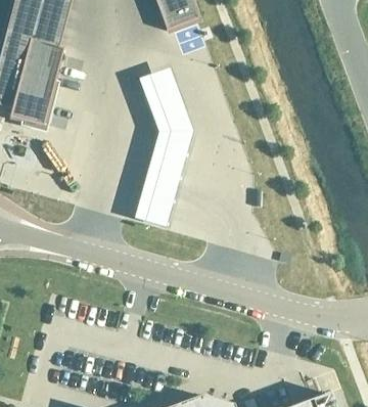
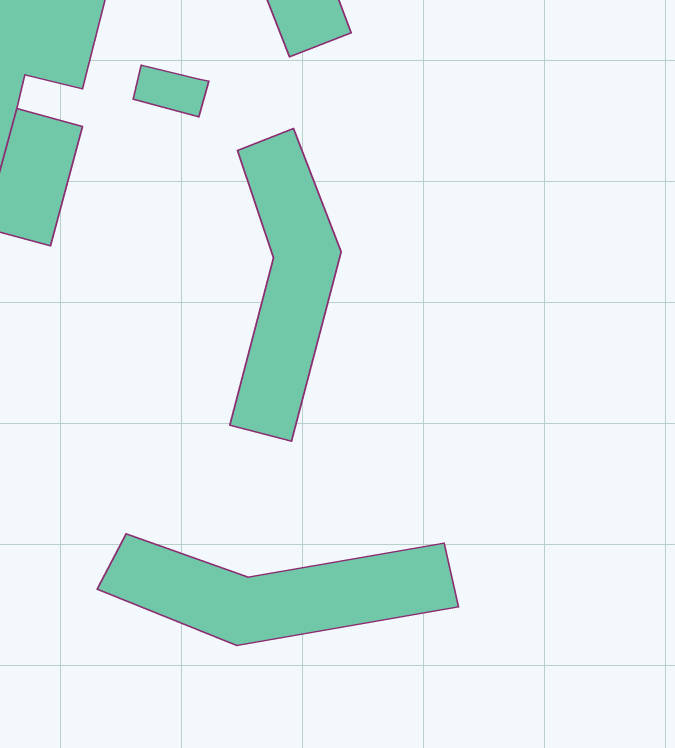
building: [27,39,65,65] -> [133,65,209,117]
building: none -> [97,534,459,645]

